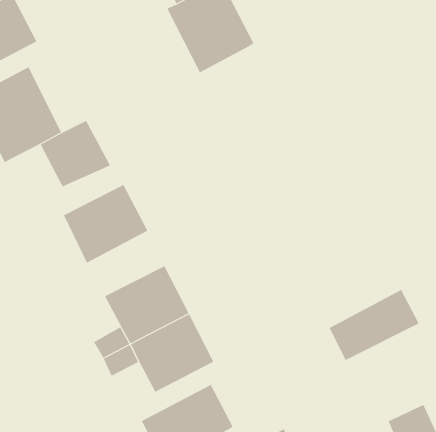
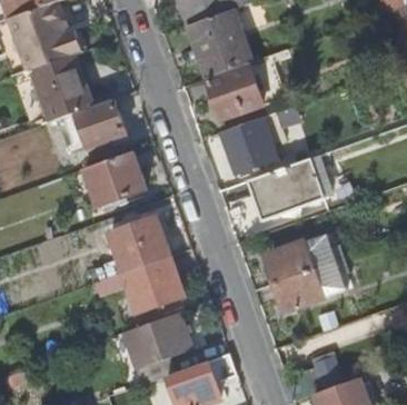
building: none -> [204,63,258,119]
building: none -> [220,112,281,171]
building: none -> [246,159,321,220]
building: none -> [264,235,332,284]

